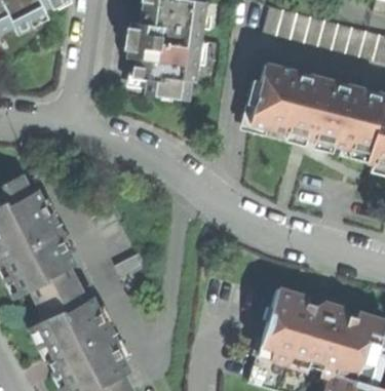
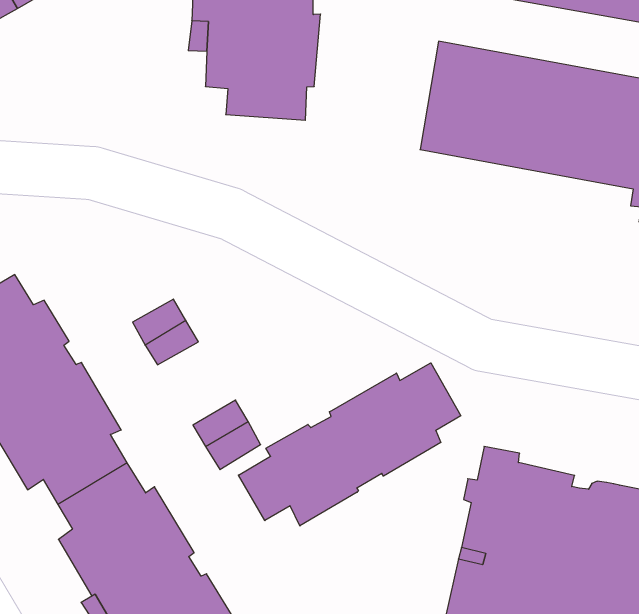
building: none -> [238,363,461,526]

